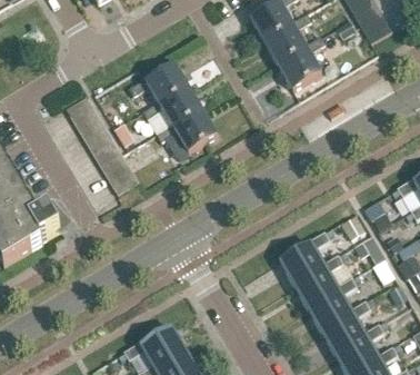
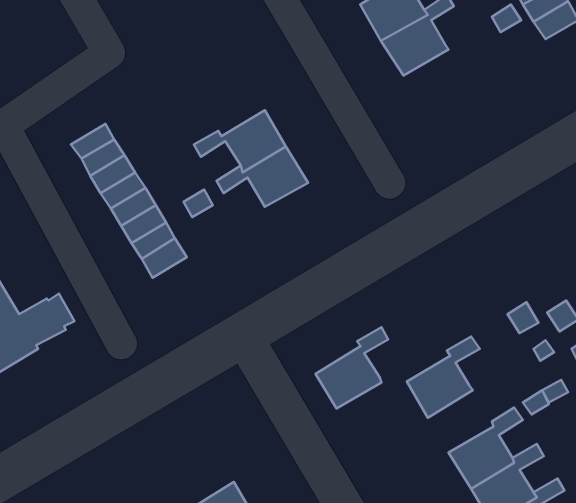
building: [280,37,326,89] -> none
building: [132,65,191,105] -> none
building: [296,256,342,308] -> [316,327,388,409]

